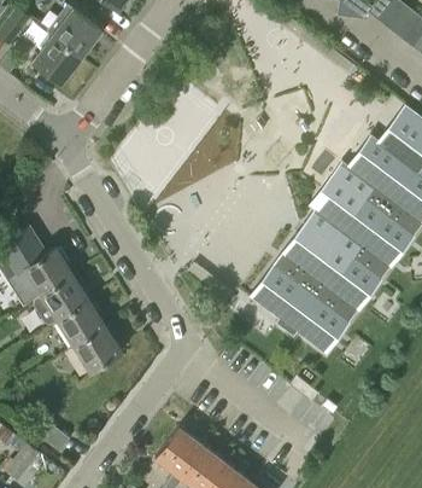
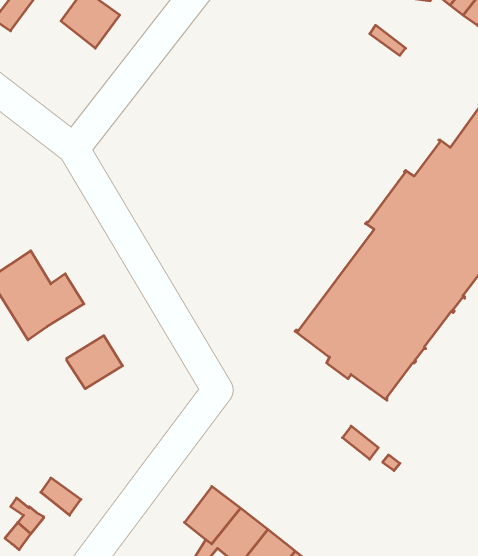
building: [33,35,82,83] -> none
building: [36,273,89,324] -> none
building: [74,325,122,371] -> none

